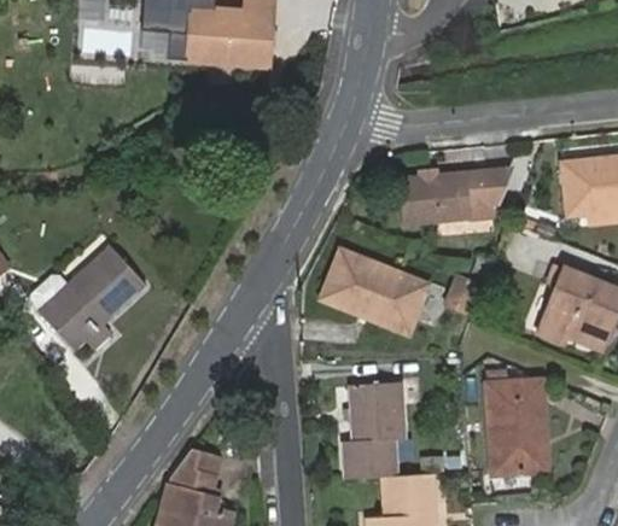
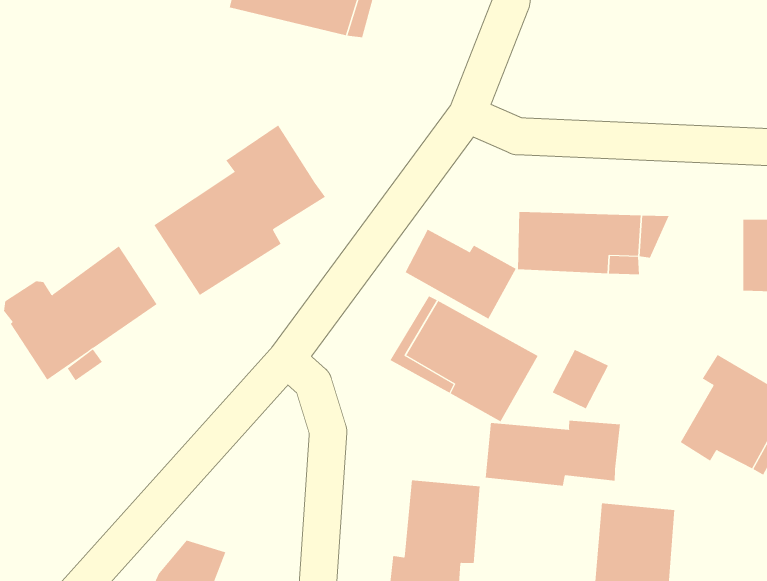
building: none -> [153,125,326,296]
building: none -> [405,229,517,320]
building: none -> [485,420,620,487]

